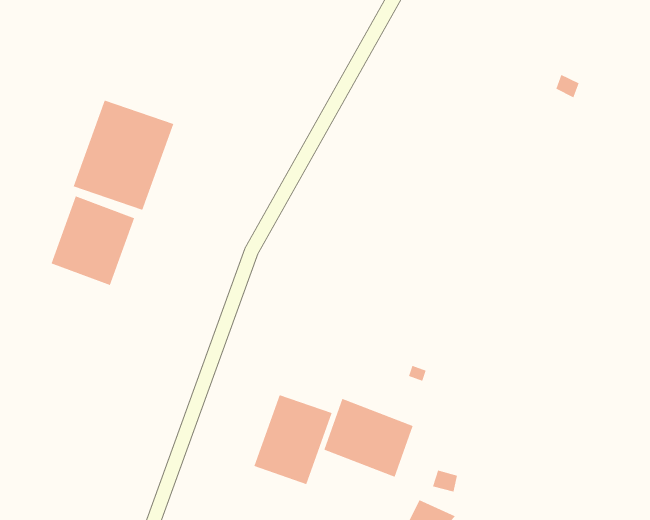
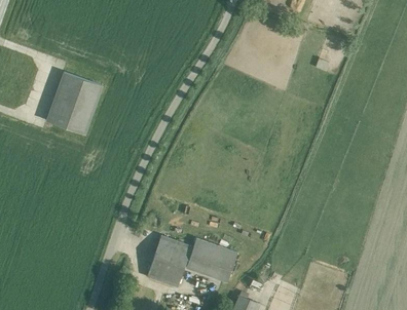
building: [51,196,135,286] -> none

